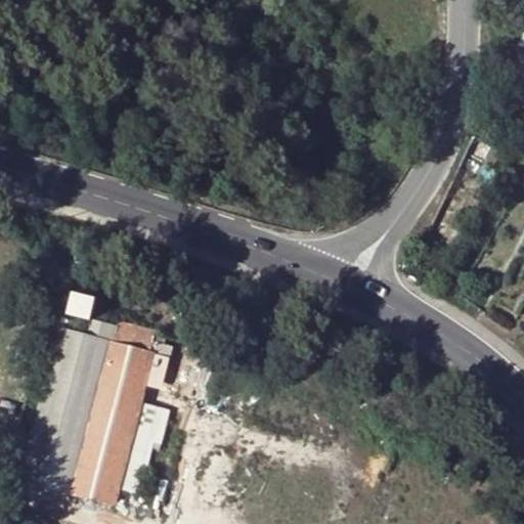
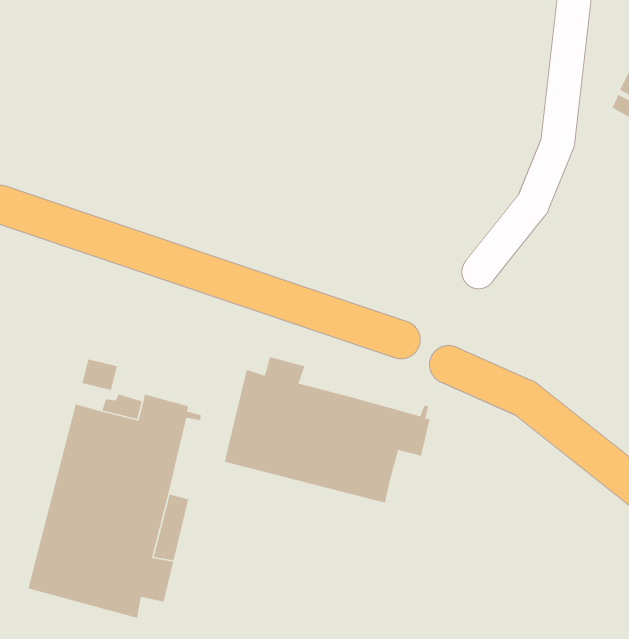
building: none -> [224,356,431,504]

